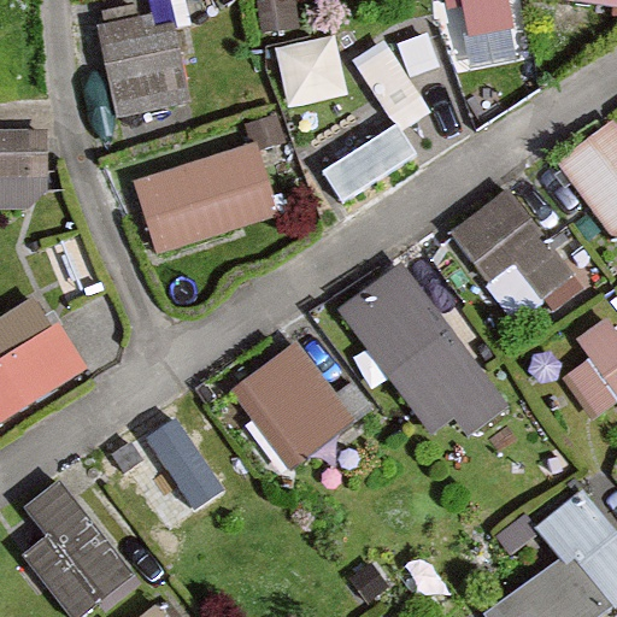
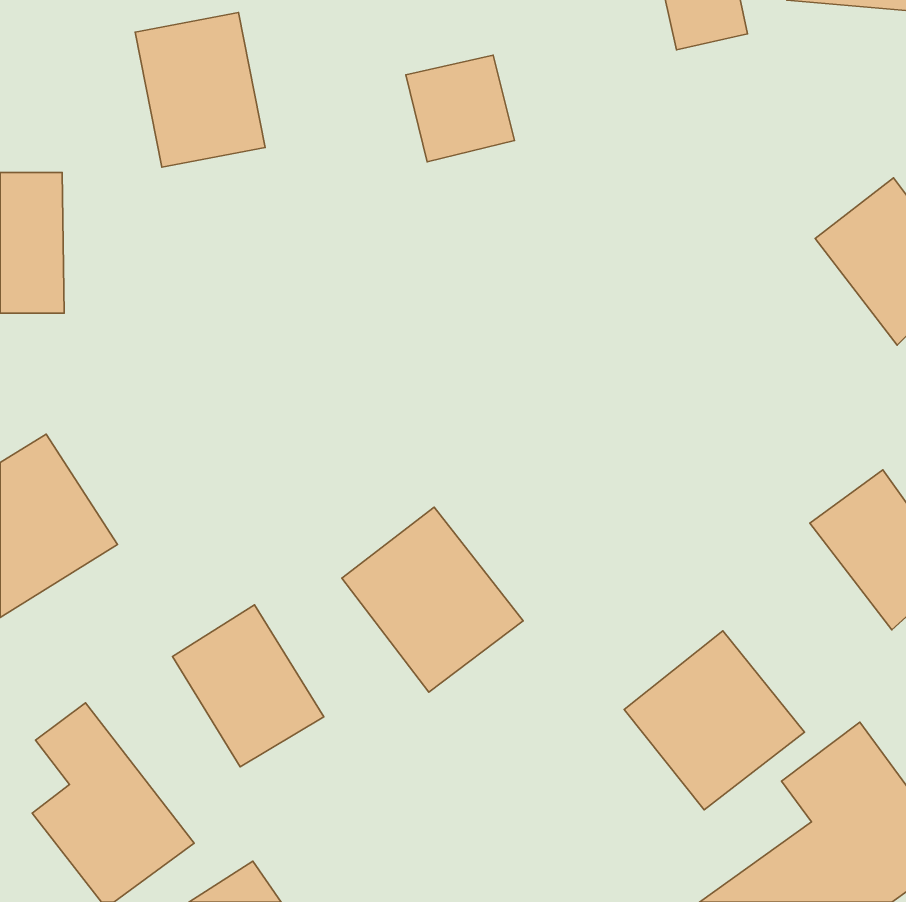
building: [323,41,433,206] -> none
building: [143,143,286,252] -> none
building: [446,188,572,318] -> none
building: [330,258,500,440] -> none
building: none -> [624,631,804,810]

